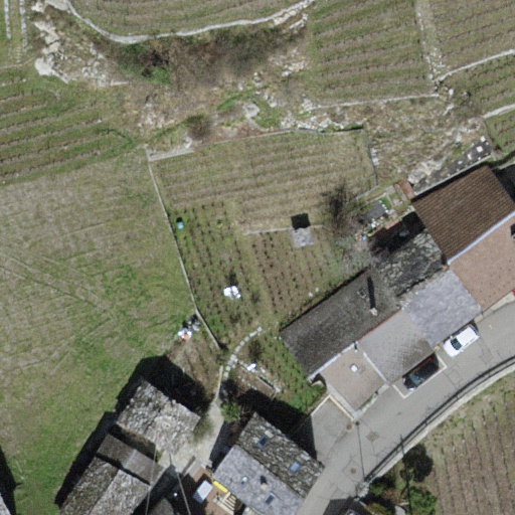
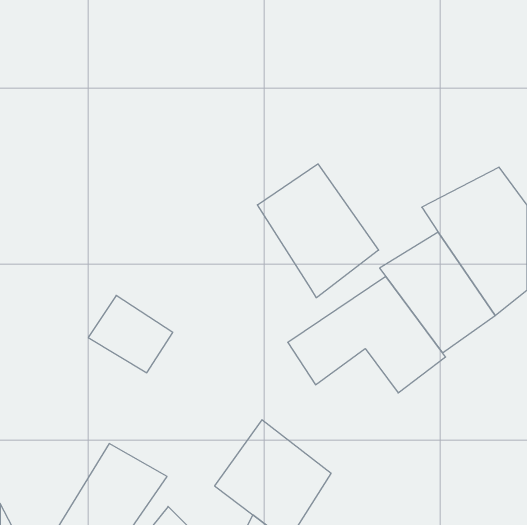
building: none -> [257,164,379,298]
building: [117,380,199,456] -> [88,295,173,373]

